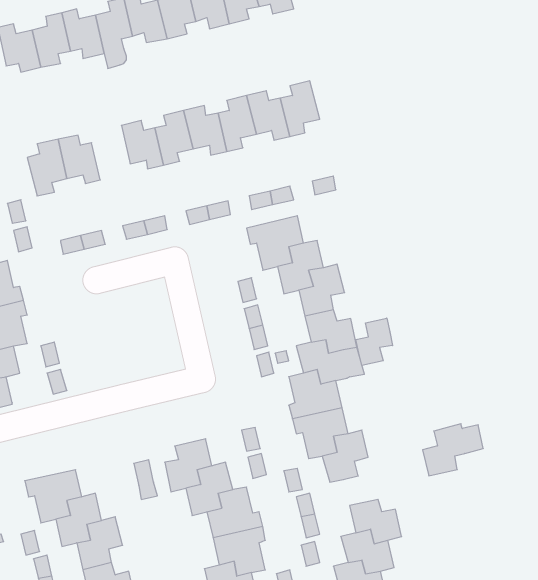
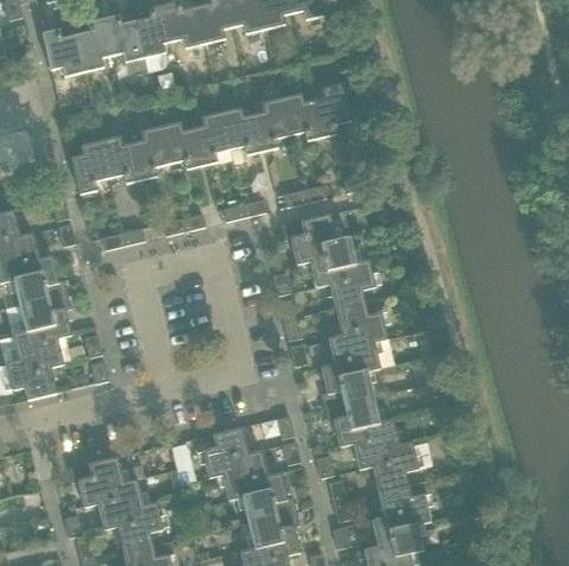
building: none -> [132,126,169,178]
building: [356,318,393,366] -> none
building: [423,424,483,476] -> [373,440,431,490]

